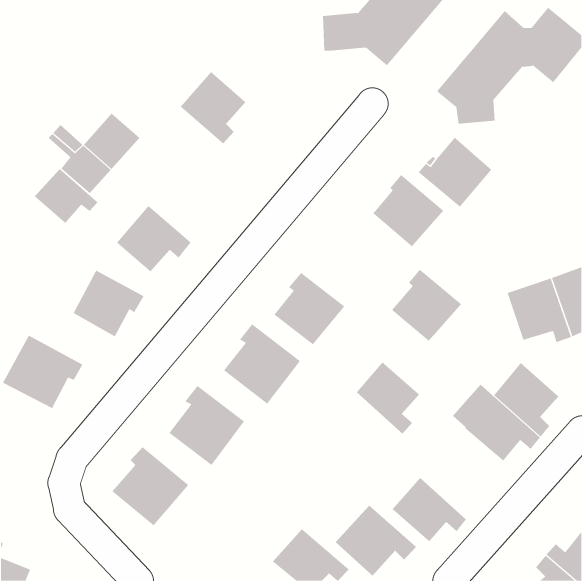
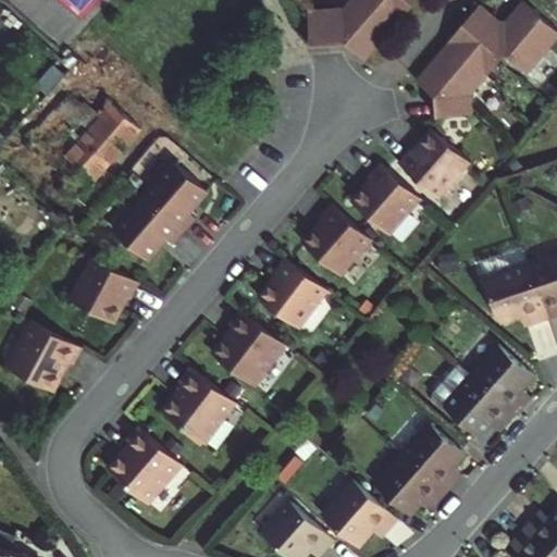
building: [180,71,246,144] -> [141,162,205,232]
building: [34,168,99,224] -> none
building: [391,269,462,342] -> [306,208,373,277]
building: [356,361,420,434] -> [401,426,462,496]

